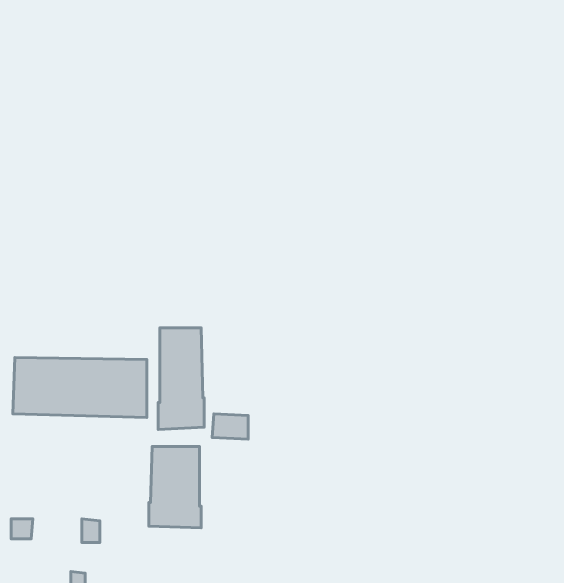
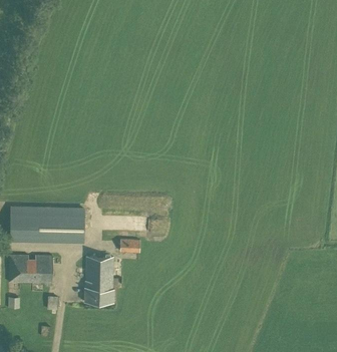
building: [158,328,204,430] -> none
building: none -> [9,255,52,283]

